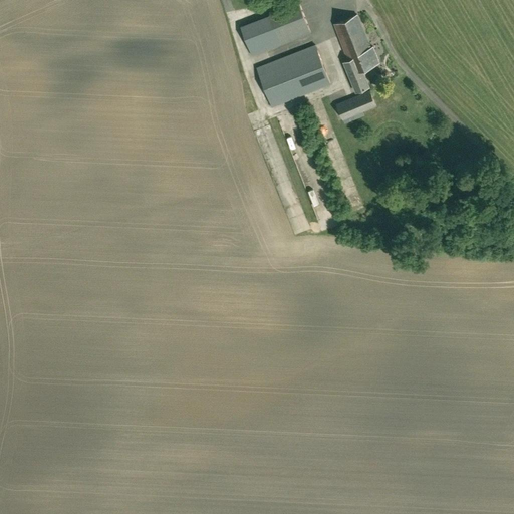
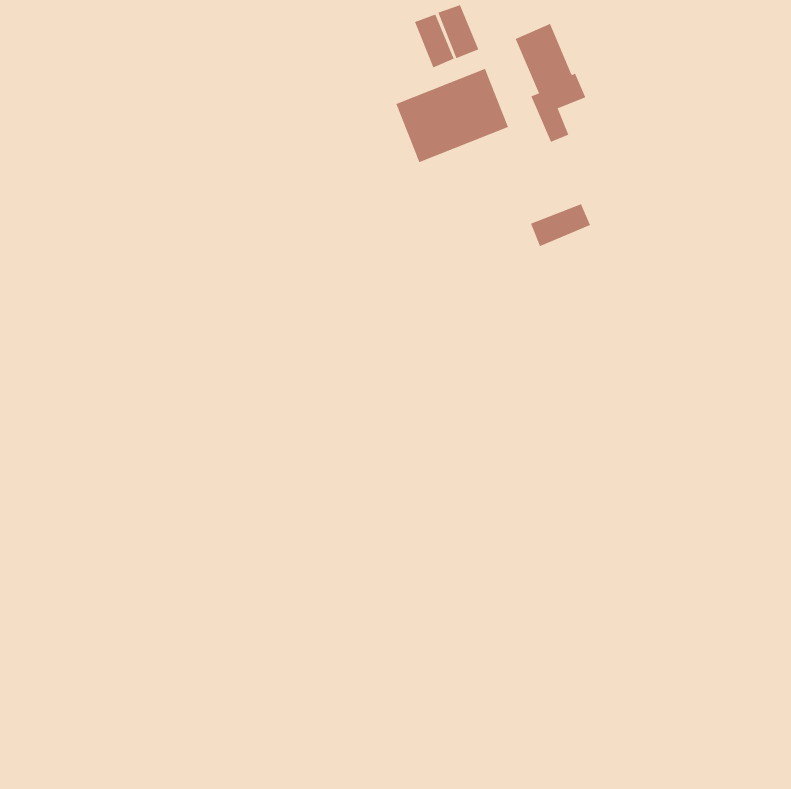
building: [239,16,280,57] -> none
building: [336,93,375,121] -> [530,203,591,247]

